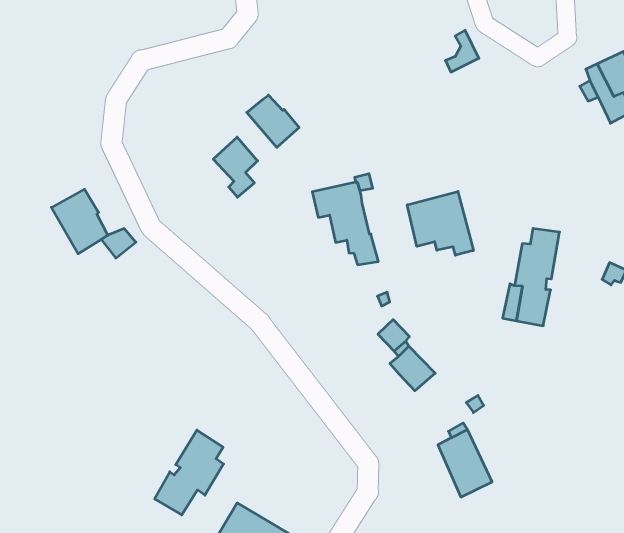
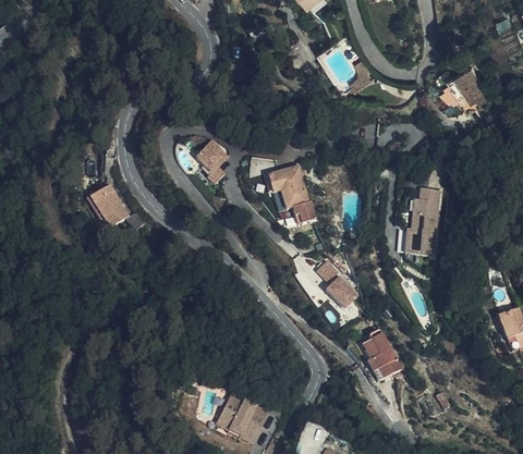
building: [247,95,299,147] -> none
building: [407,191,473,255] -> none
building: [155,430,224,515] -> none

